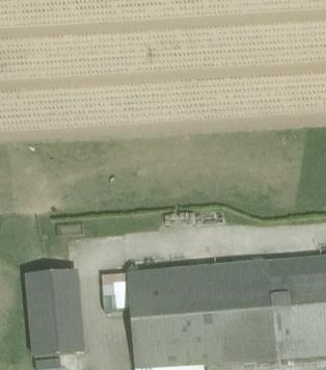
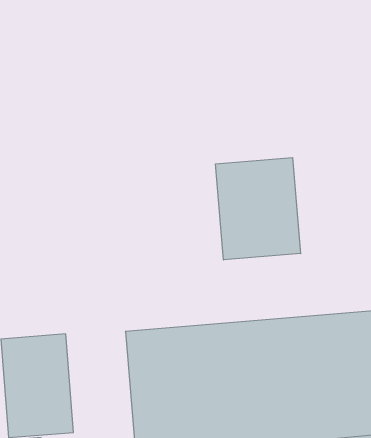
building: none -> [216,158,301,260]

